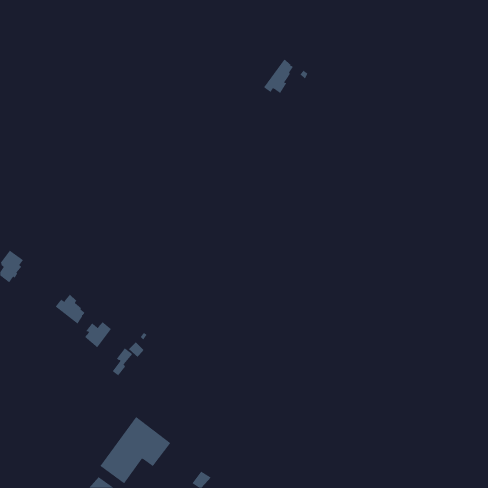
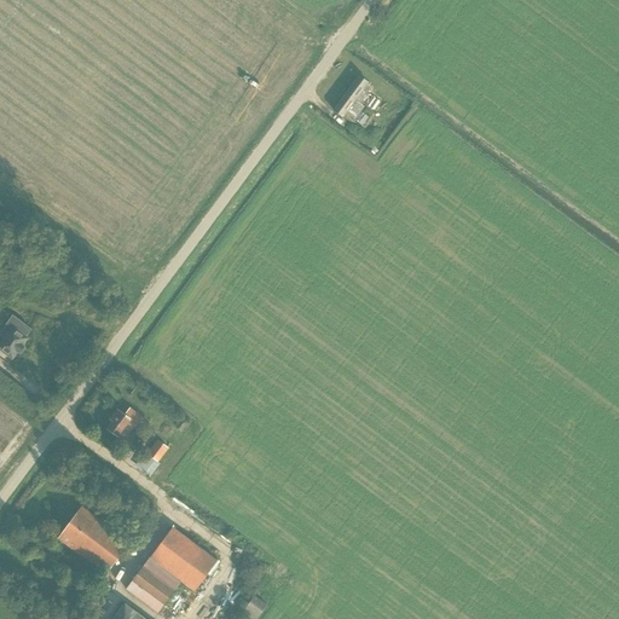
building: [55,294,85,324] -> none
building: none -> [58,505,129,574]

